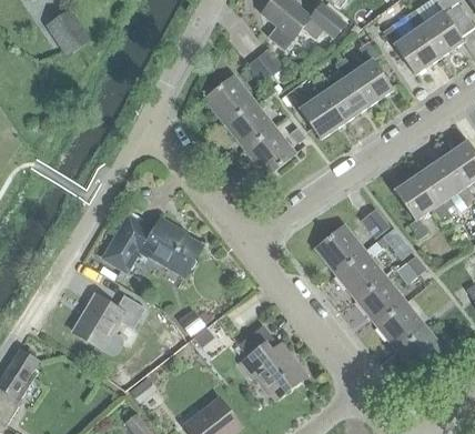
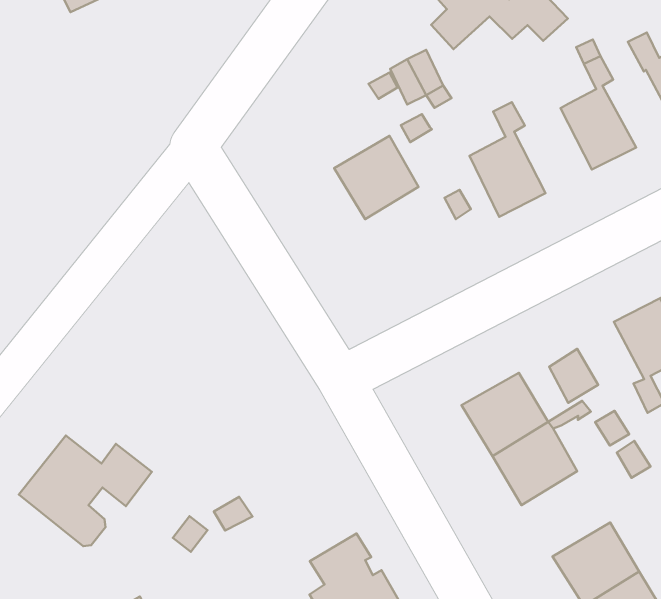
building: [324,55,371,121] -> none
building: [205,74,254,122] -> none
building: [246,127,294,173] -> none
building: [105,215,203,275] -> none
building: [355,275,406,325] -> none

